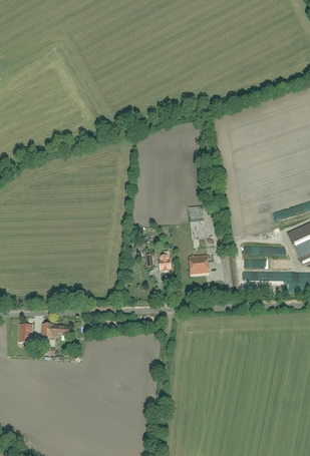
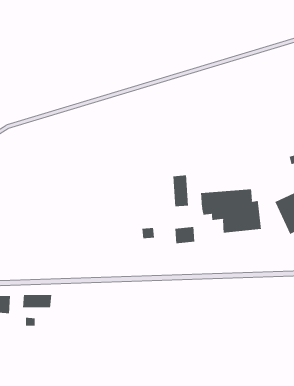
building: none -> [200,188,262,234]

